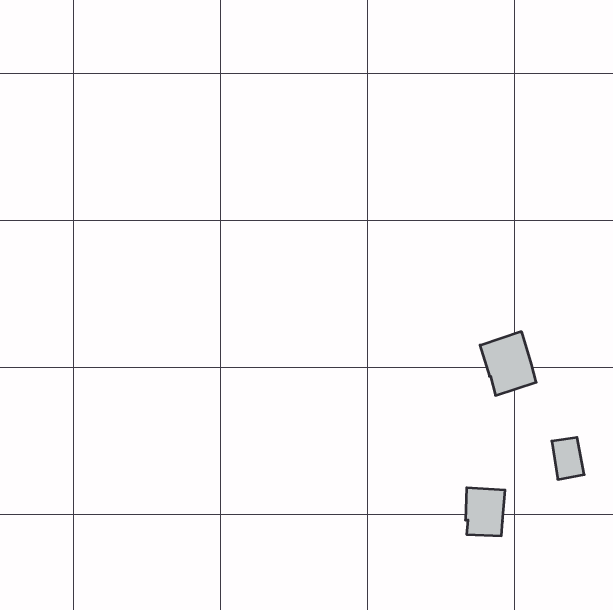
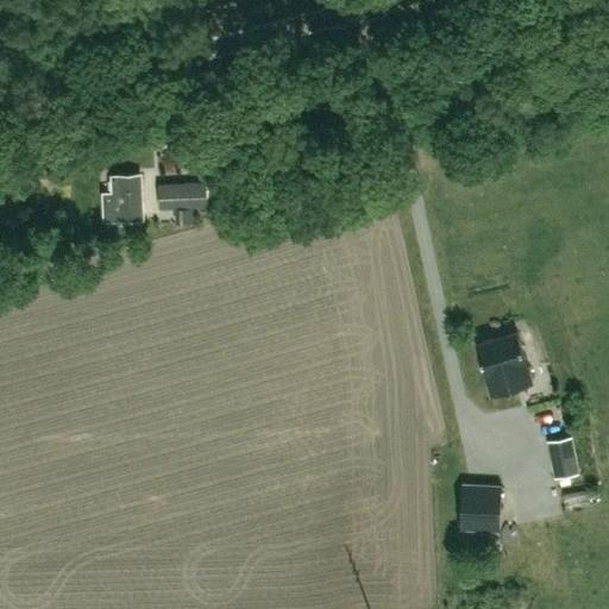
building: none -> [102,175,143,222]
building: none -> [159,184,206,211]

